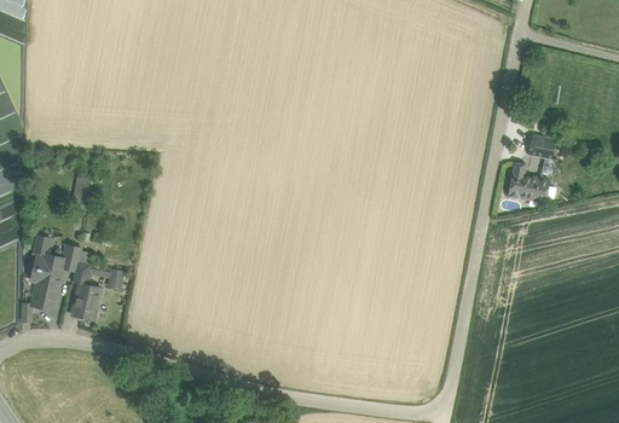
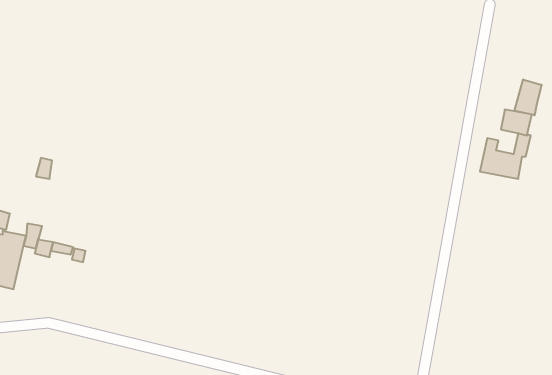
building: none -> [514,79,542,115]
building: [73,283,100,319] -> none

